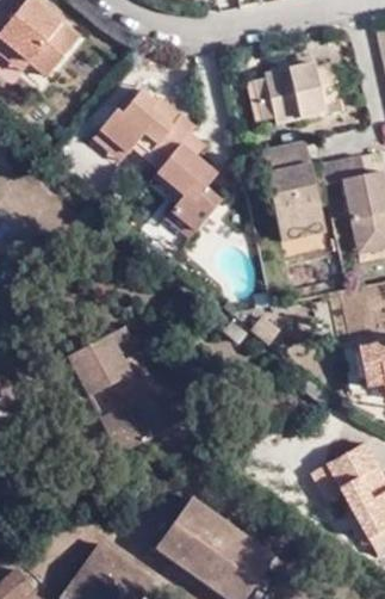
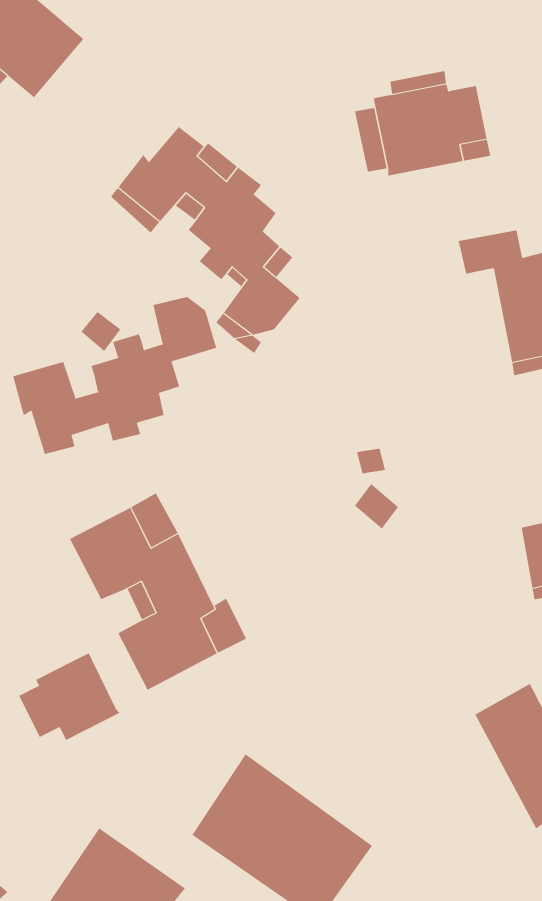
building: [265,138,323,236] -> none
building: none -> [12,296,217,455]
building: none -> [18,653,120,741]

